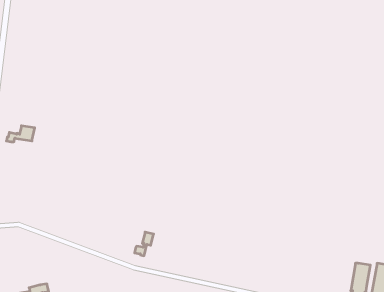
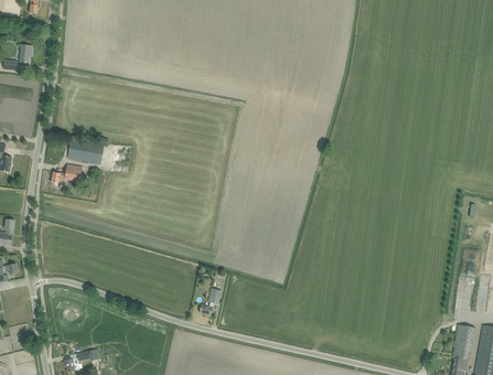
building: none -> [67,140,103,164]

